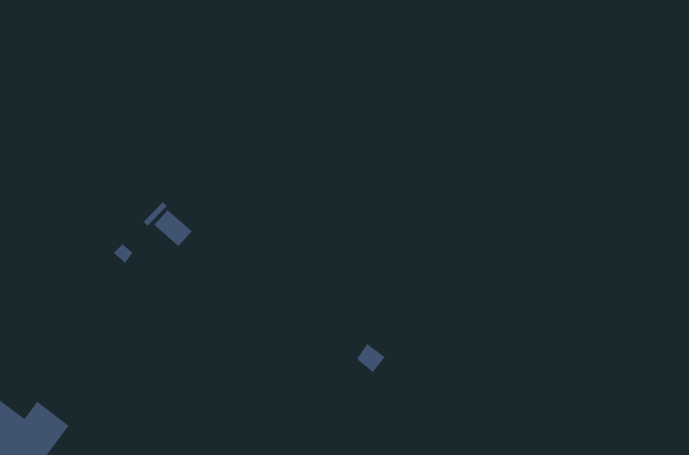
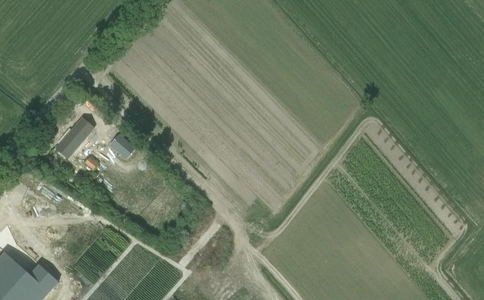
building: none -> [56,119,94,160]

